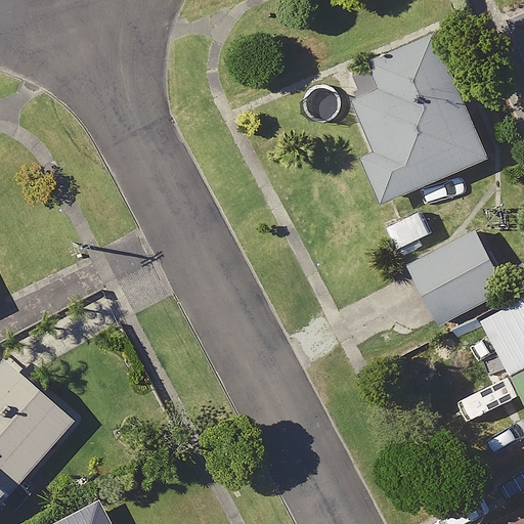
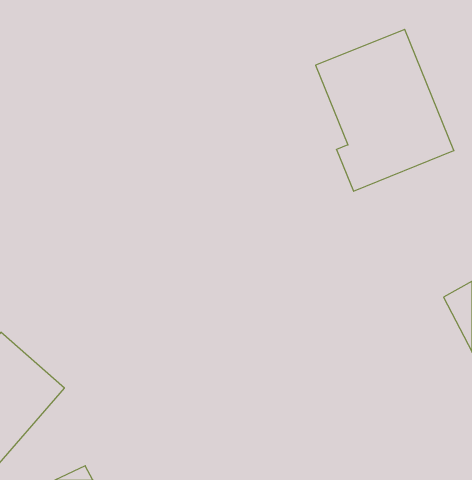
building: [407,232,505,326] -> none

